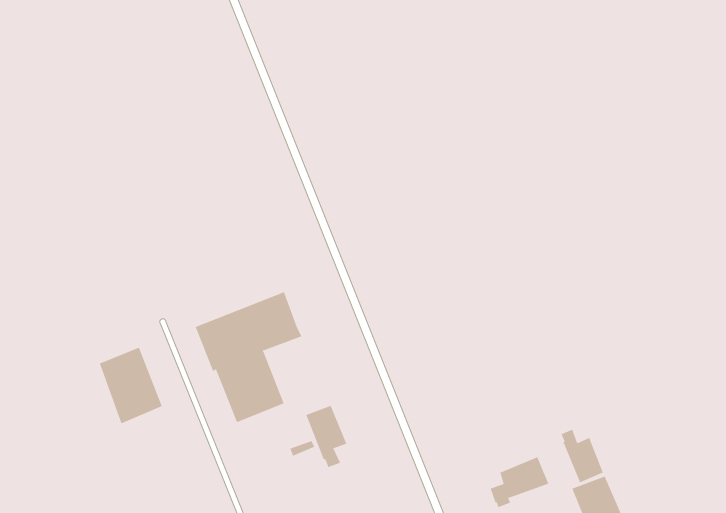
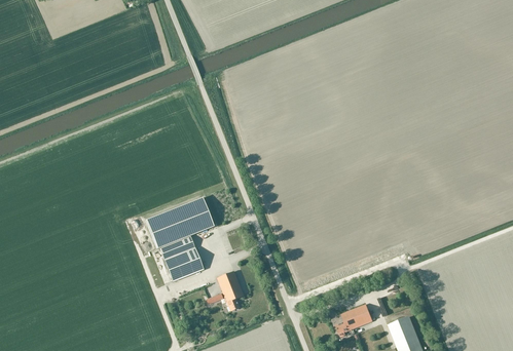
building: [99,347,163,424] -> none
building: [561,429,603,483] -> none

